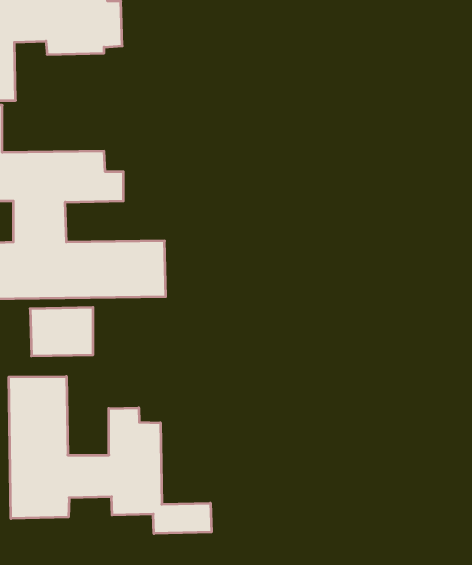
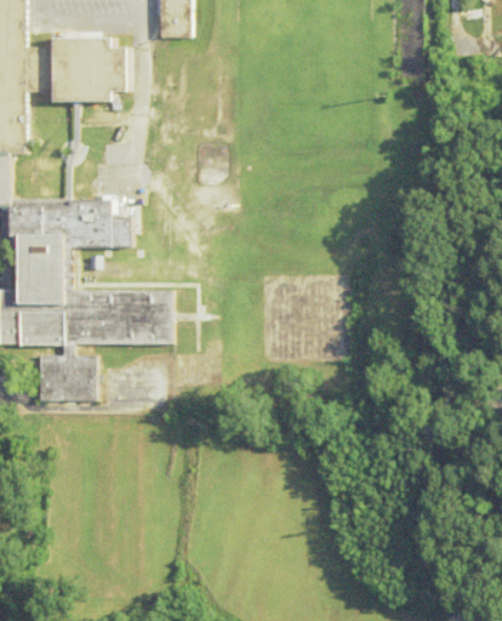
building: [9,376,211,534] -> none

